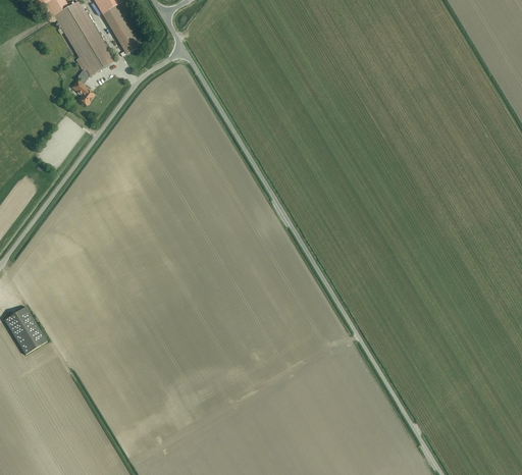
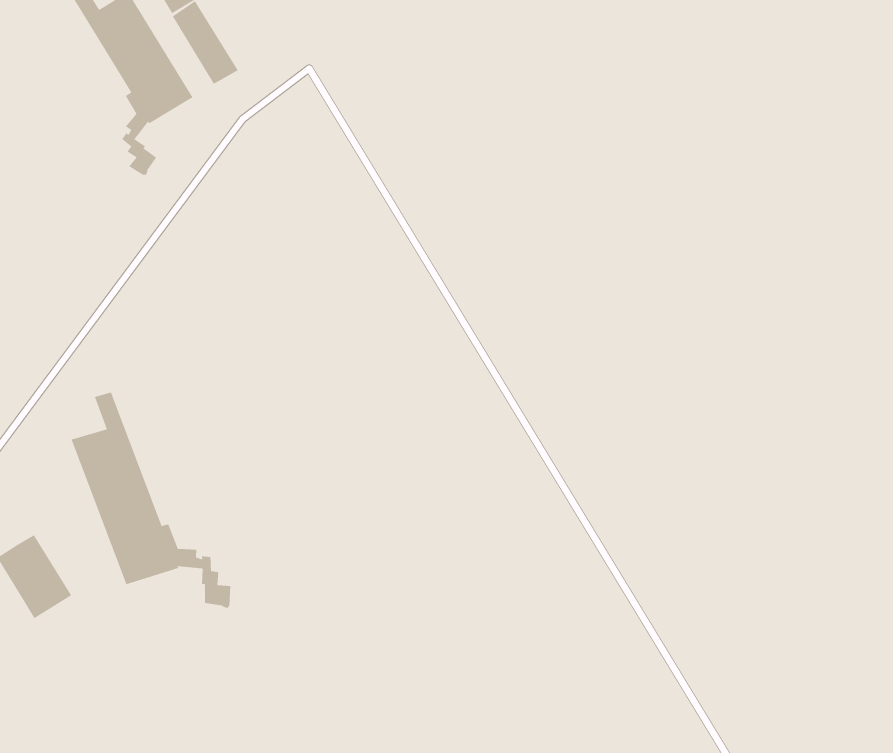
building: none -> [70,392,231,609]

